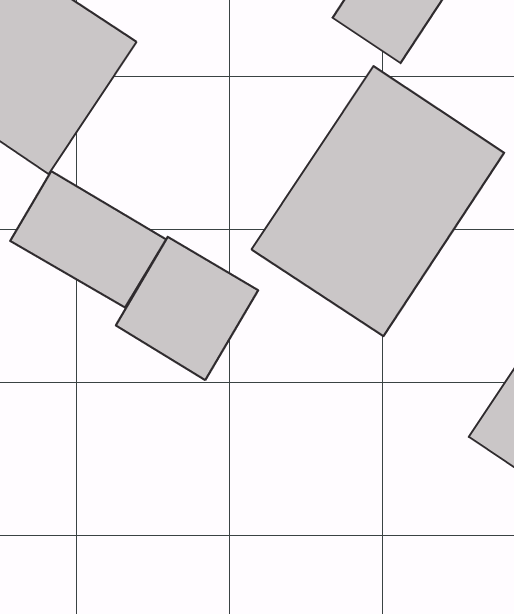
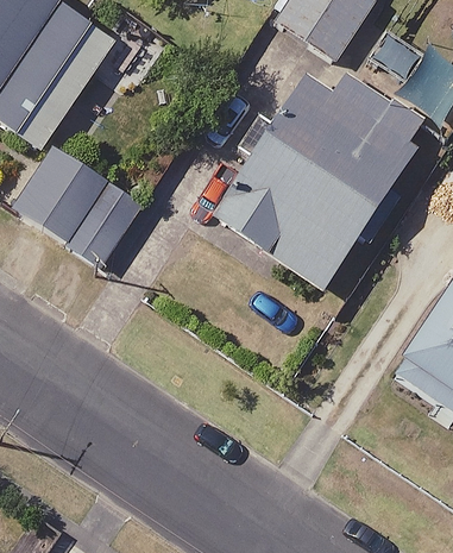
building: [116,237,258,380] -> none

